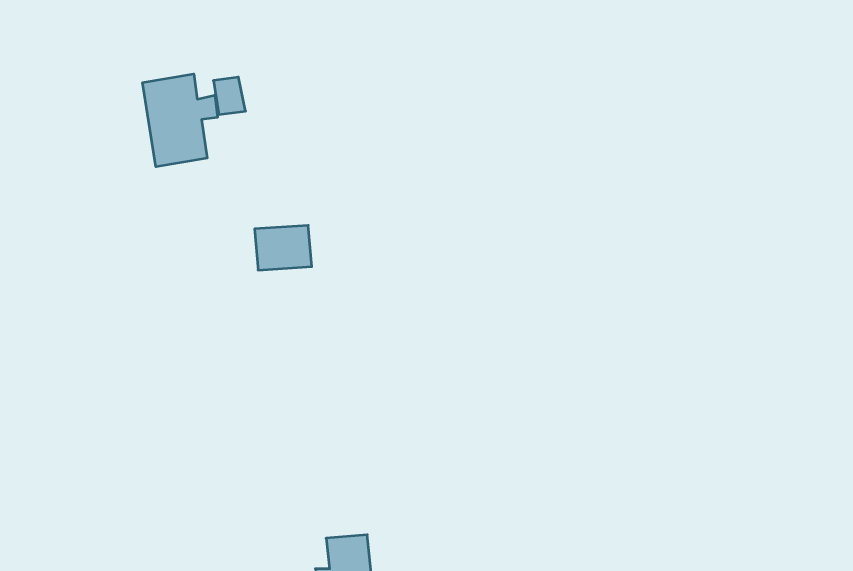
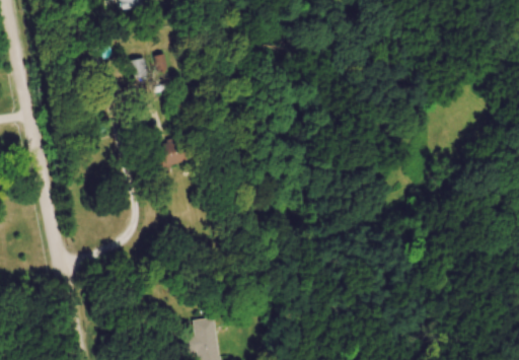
building: [143,74,217,167] -> none

